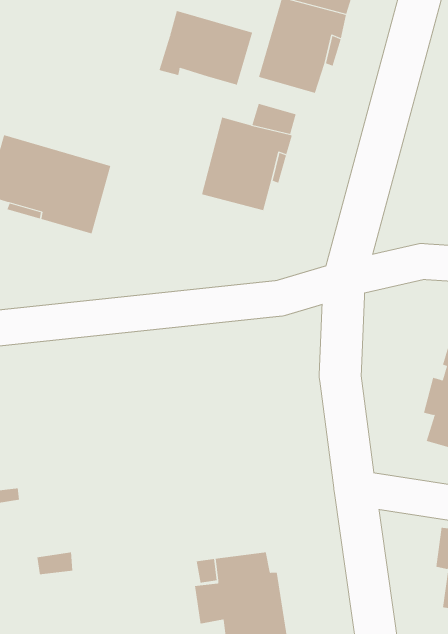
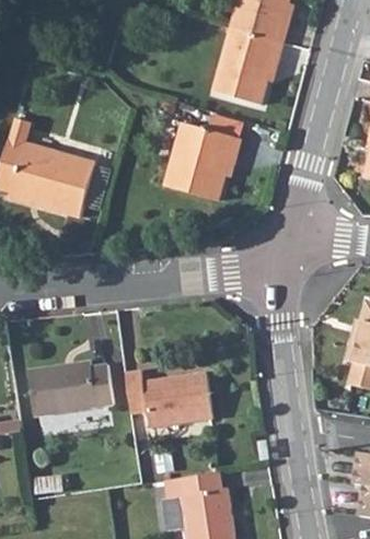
building: [159,10,253,85] -> none
building: none -> [26,360,113,417]
building: none -> [124,368,210,426]

